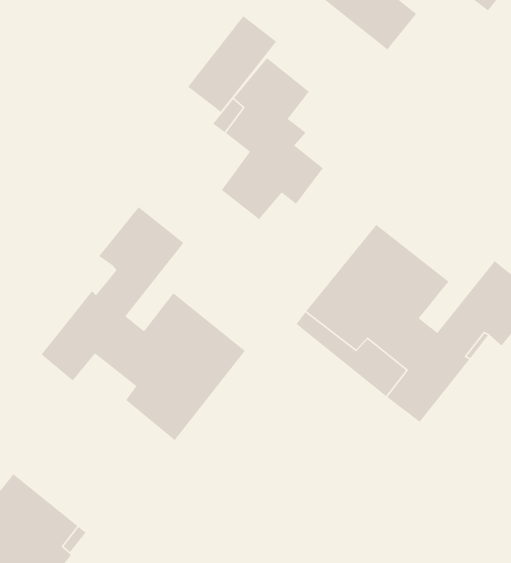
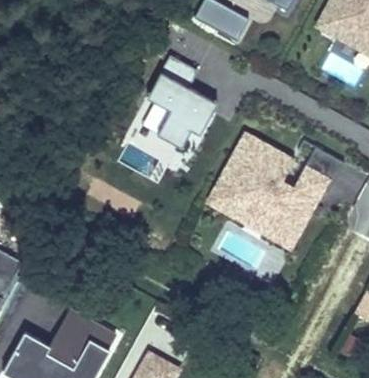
building: [187,15,277,113] -> none
building: [40,206,246,441] -> none

